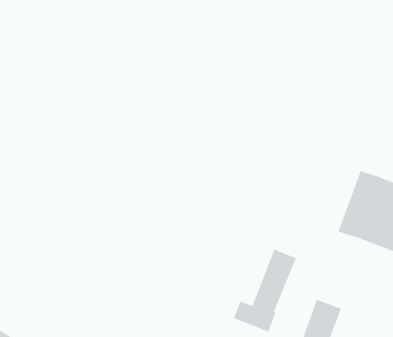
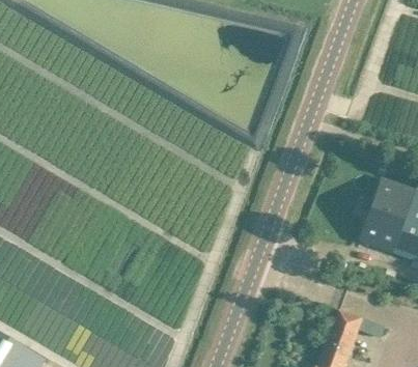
building: [233,249,296,332] -> none

